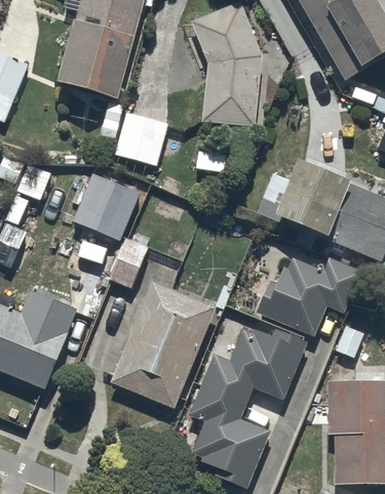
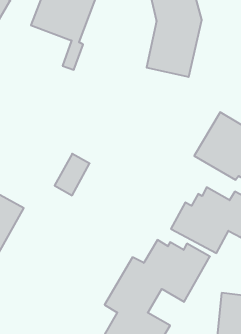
building: [114,109,168,165] -> none
building: [72,168,142,241] -> none
building: [110,283,214,408] -> none

